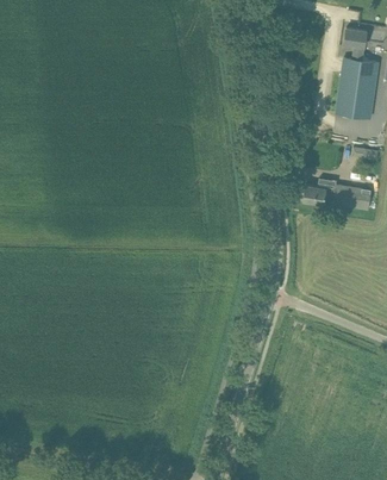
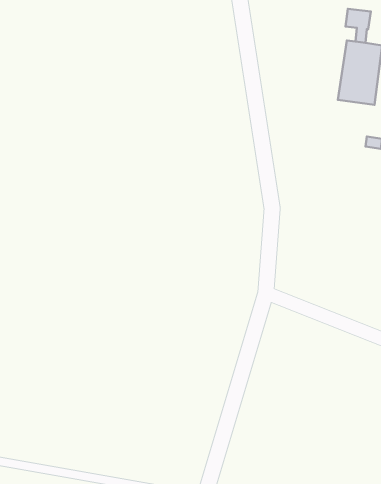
building: [301,183,369,208] -> none

